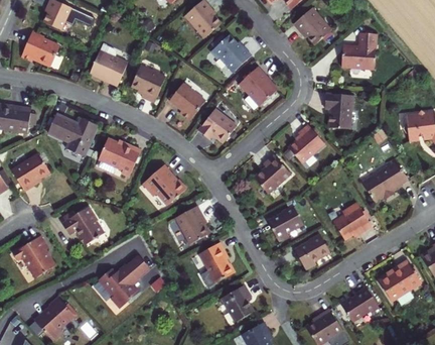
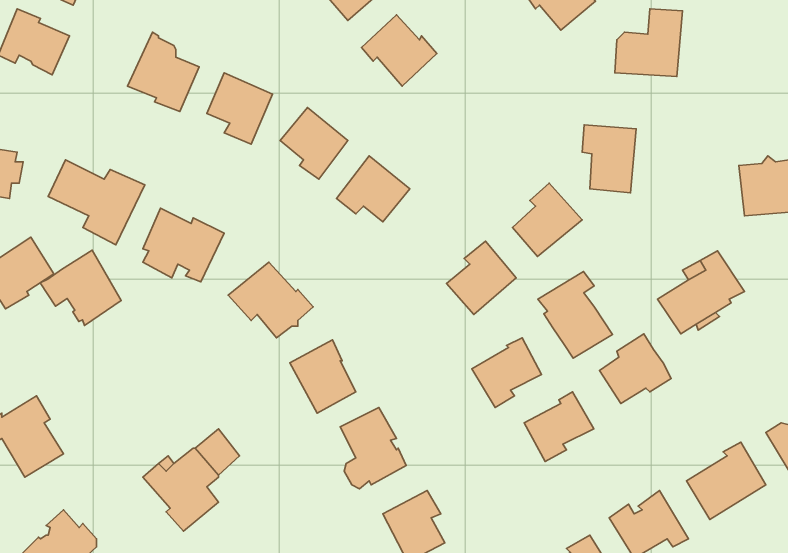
building: [238,69,276,107] -> none
building: none -> [538,272,612,358]
building: [61,206,104,245] -> [40,250,121,326]

